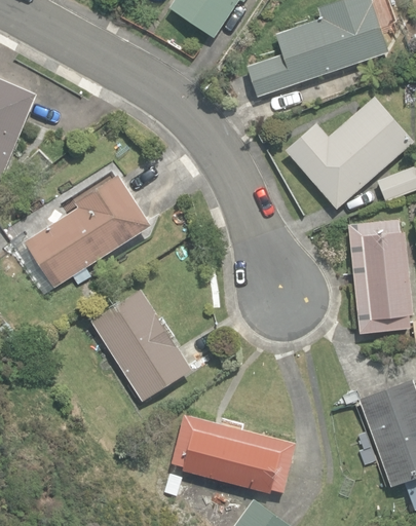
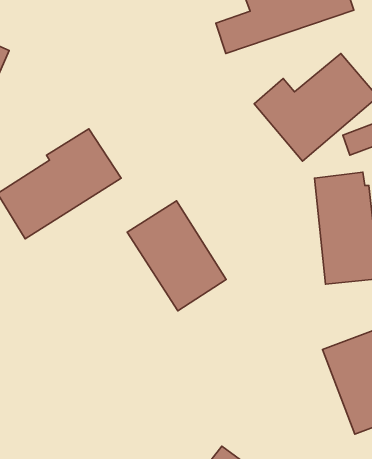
building: [90,289,191,401] -> [127,201,226,311]
building: [171,414,296,492] -> none

